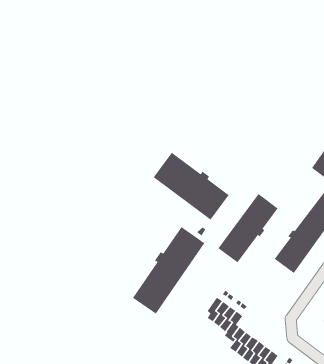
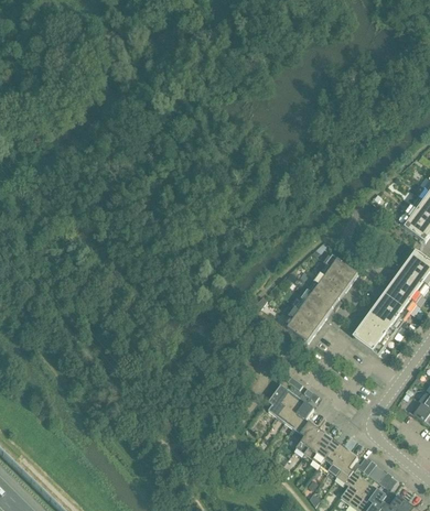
building: [153,152,230,221] -> none
building: [132,226,205,315] -> none

